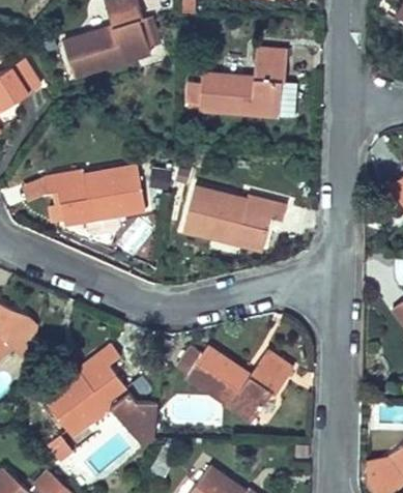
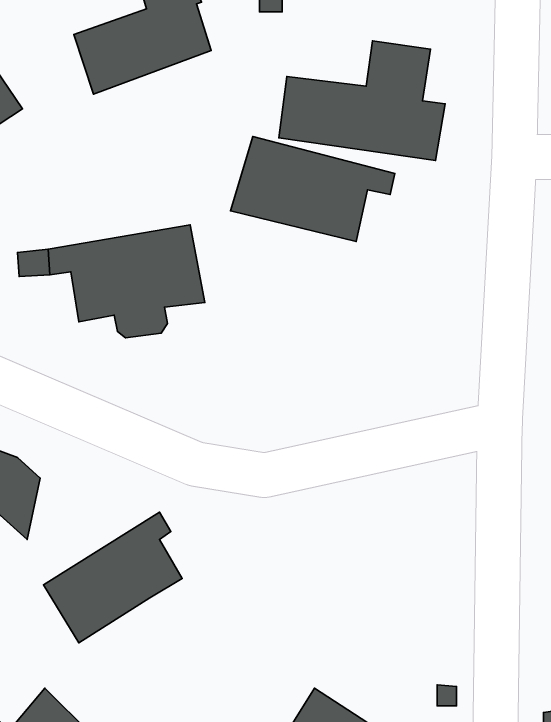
building: [183,184,289,252] -> [230,136,395,241]
building: [190,343,295,416] -> none
building: [109,390,152,445] -> none

